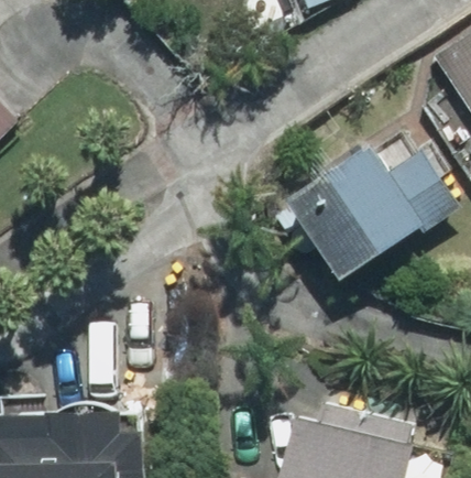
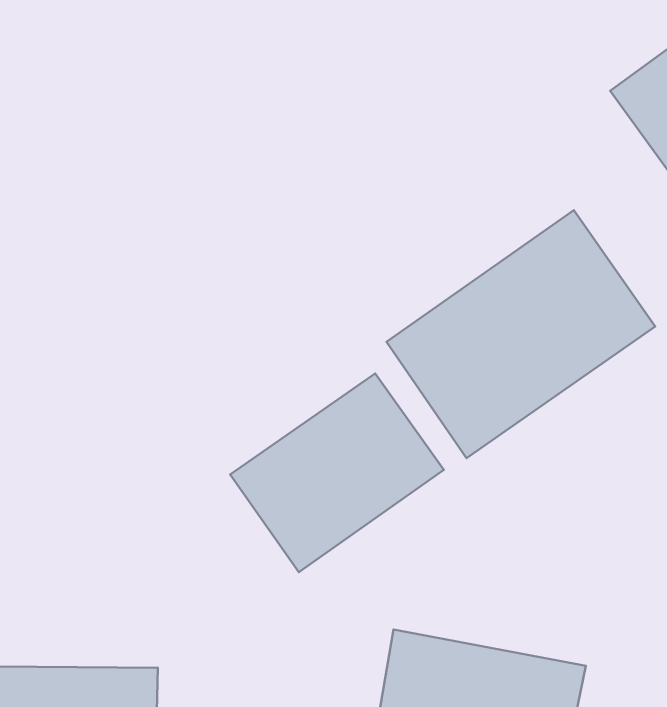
building: none -> [230,373,444,572]

